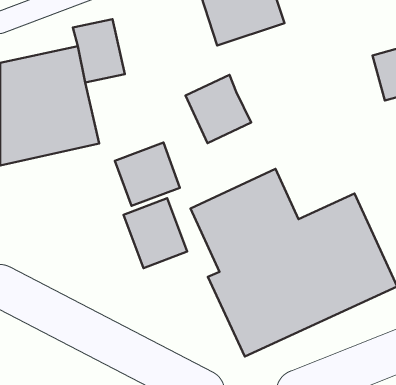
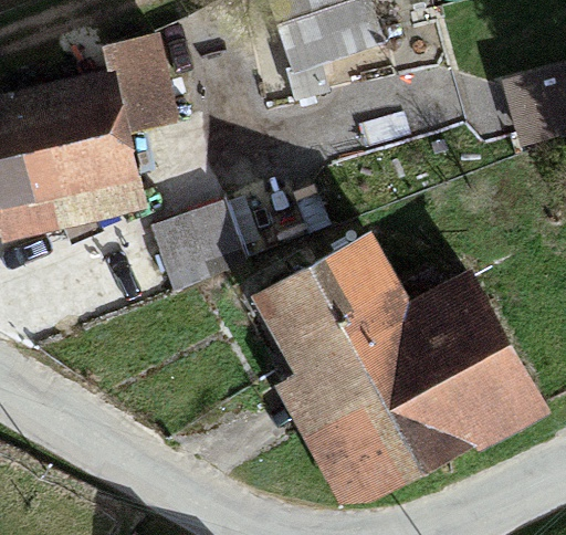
building: [186,75,251,143] -> none
building: [123,198,187,268] -> none

